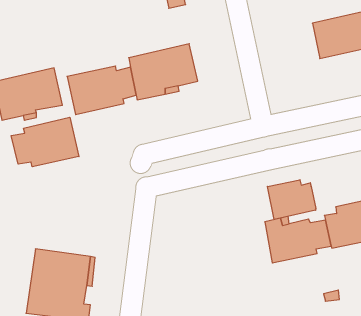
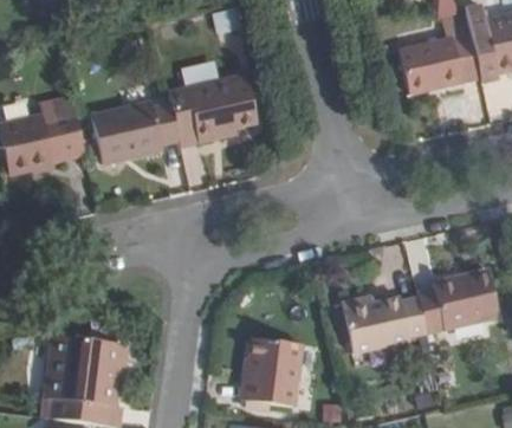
building: [11,117,79,167] -> none
building: [267,180,316,219] -> none
building: none -> [239,336,299,404]

